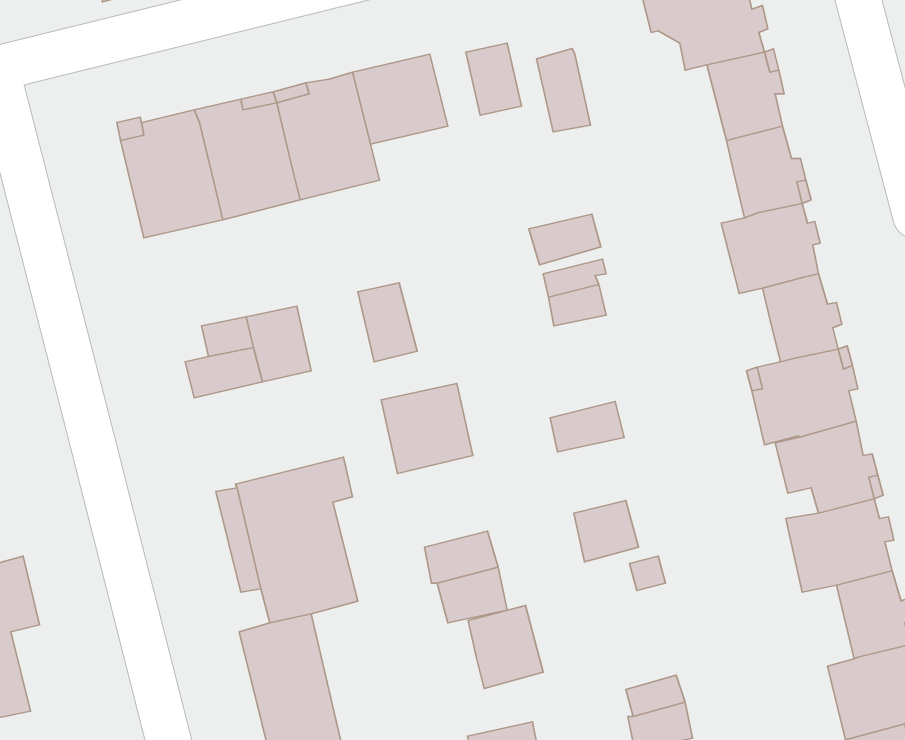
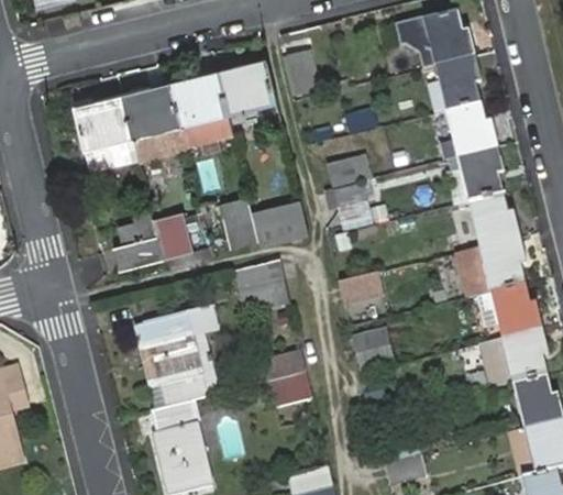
building: [537,48,590,132] -> none
building: none -> [254,202,308,246]
building: [468,605,543,688] -> none

